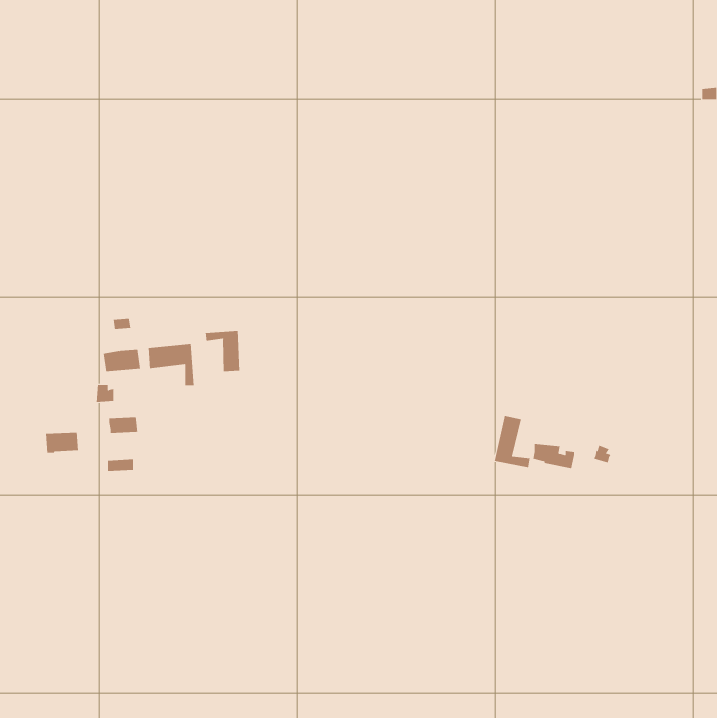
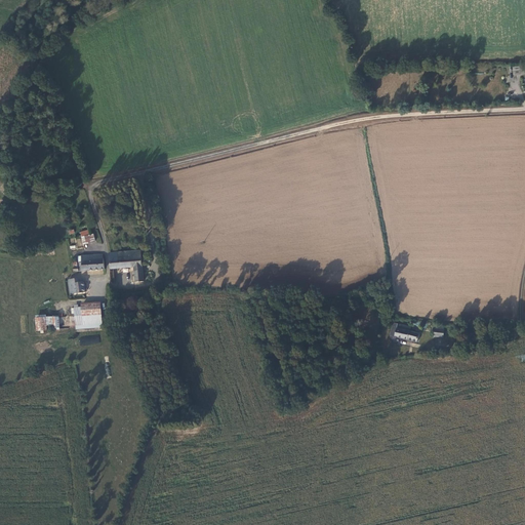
building: [205,330,240,372] -> none
building: [494,415,530,468] -> none

